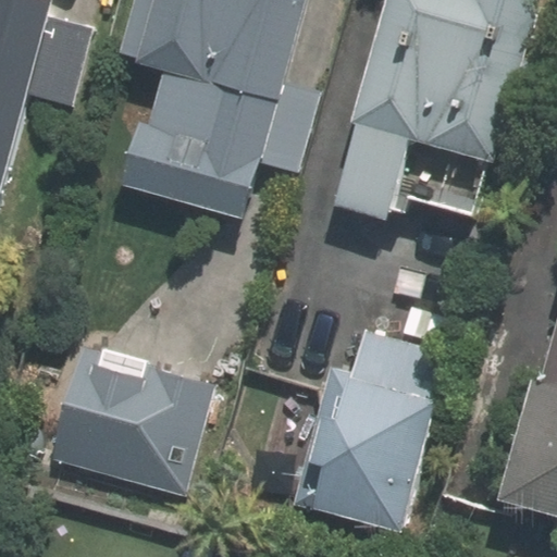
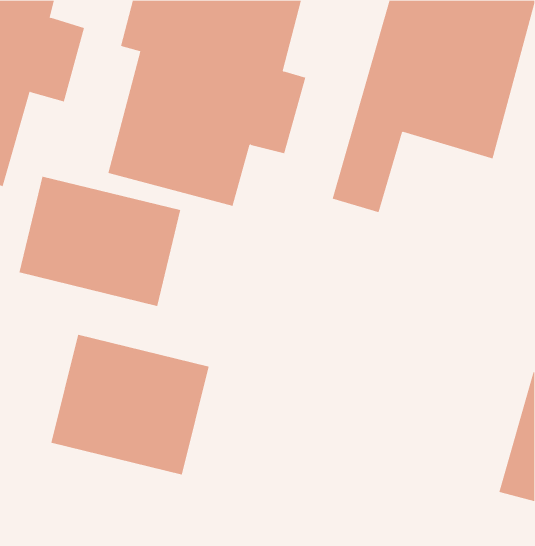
building: none -> [19,176,181,307]
building: [288,336,447,537] -> none

